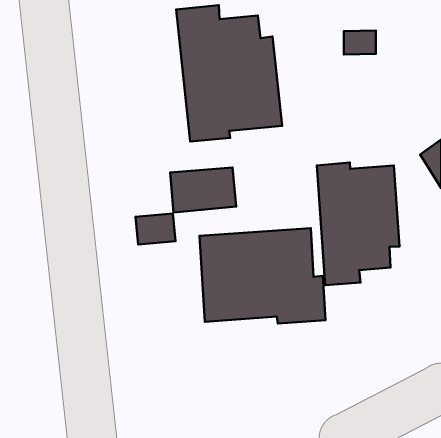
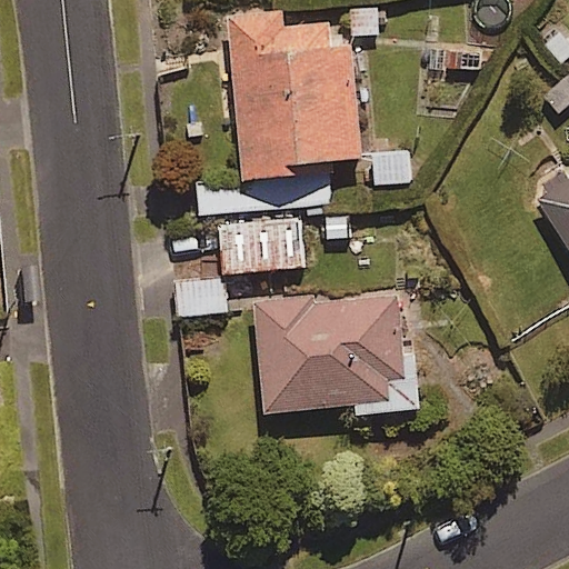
building: [317,162,399,285] -> none

